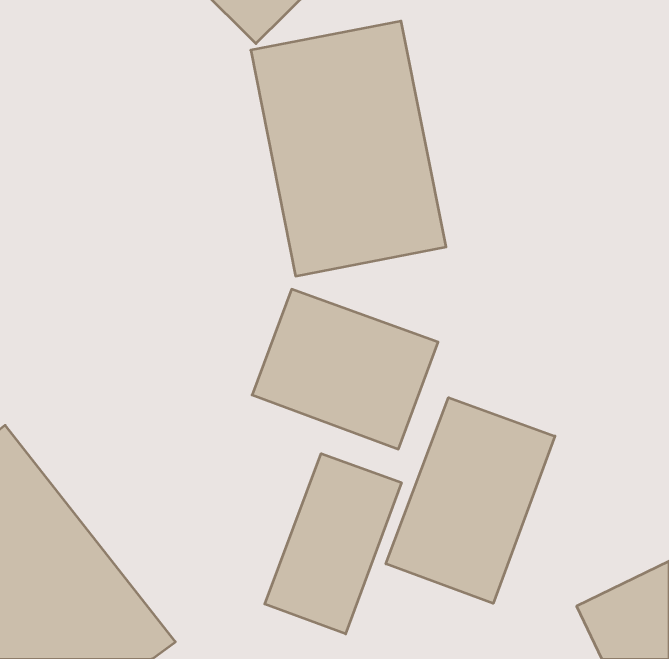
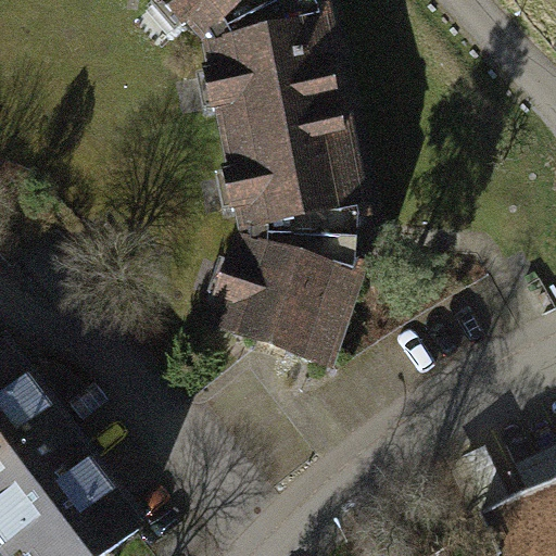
building: [386,398,555,603] -> none
building: [265,454,401,634] -> none

